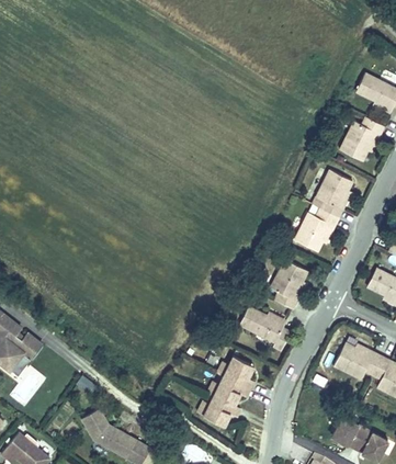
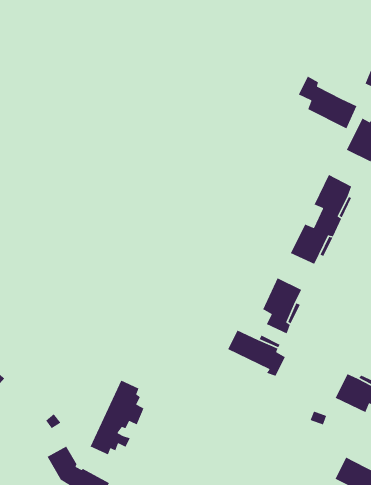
building: none -> [298,75,357,129]
building: [200,352,248,419] -> [90,379,145,455]

